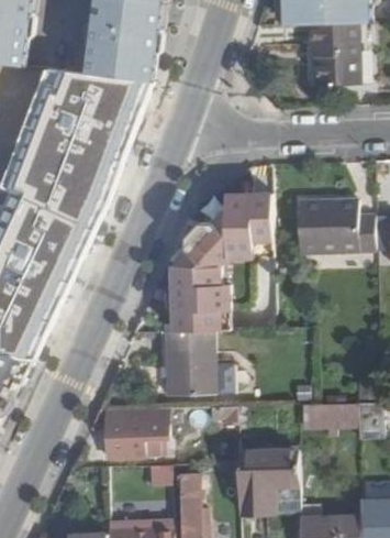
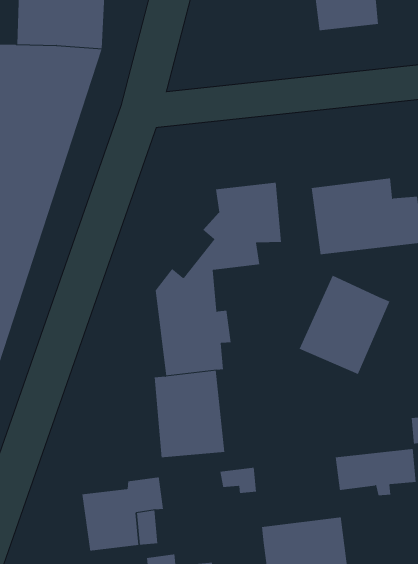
building: none -> [299,275,390,375]

